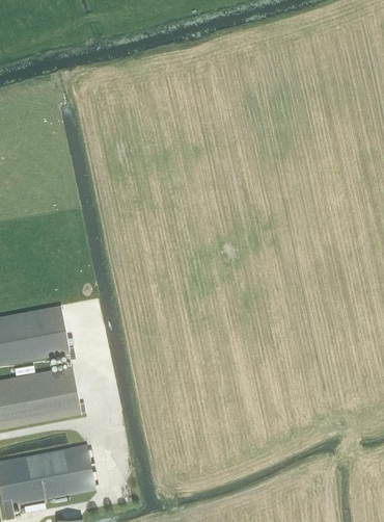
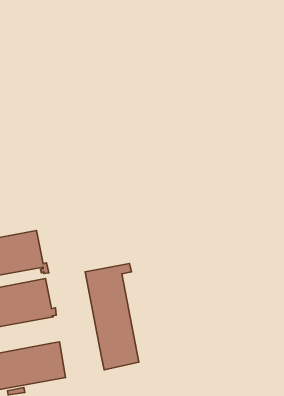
building: none -> [85,263,139,370]

